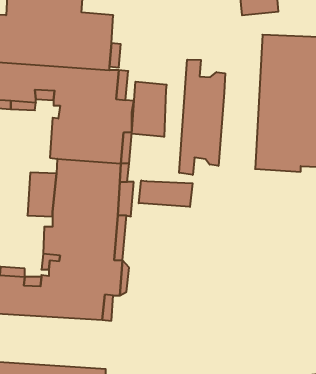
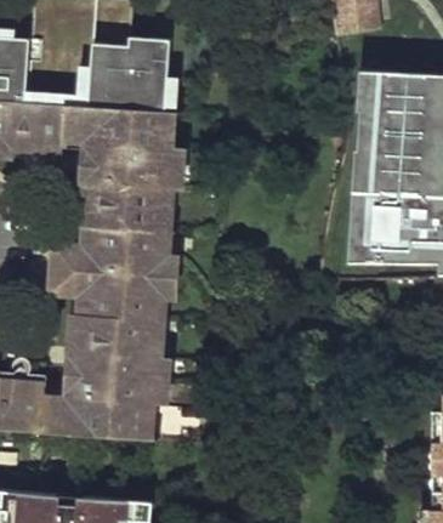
building: [179,60,225,175] -> none
building: [132,82,167,137] -> none
building: [139,180,193,207] -> none

